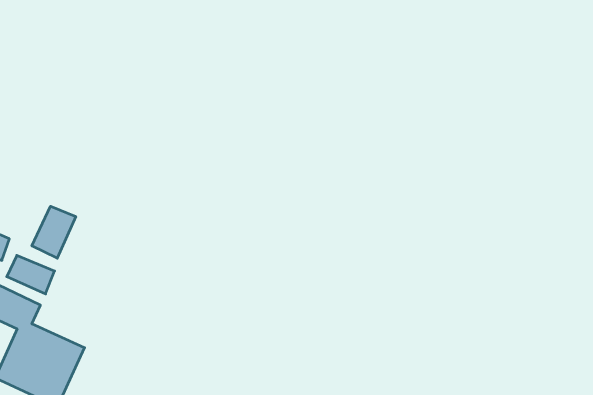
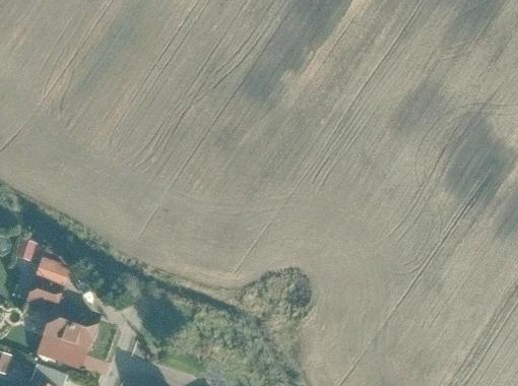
building: [32,206,76,258] -> none

